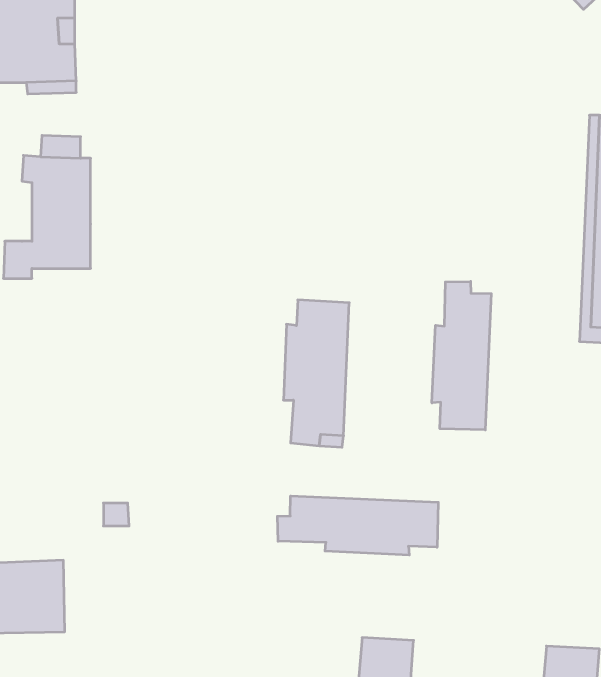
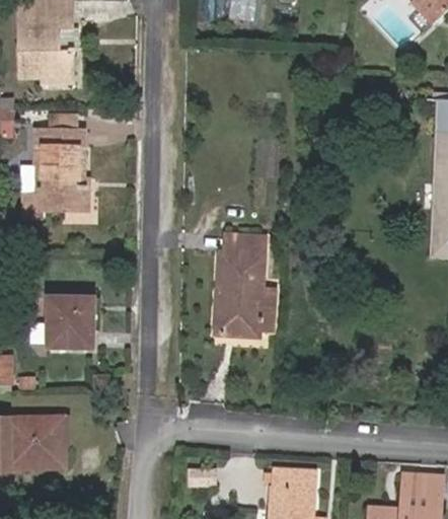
building: [432,281,491,430] -> none
building: none -> [48,296,93,348]
building: [277,496,438,555] -> none

